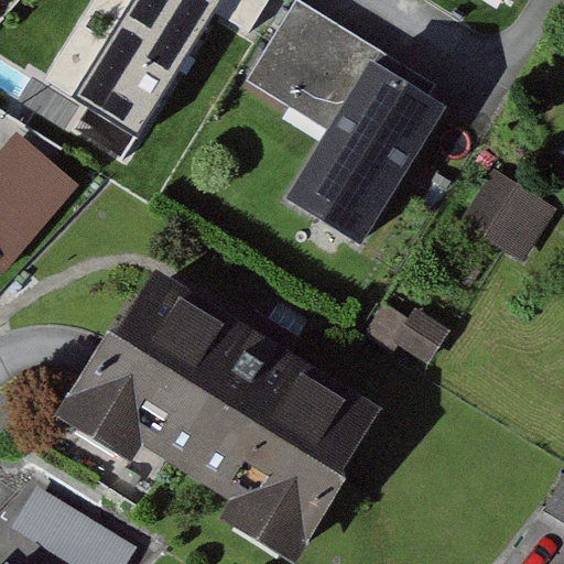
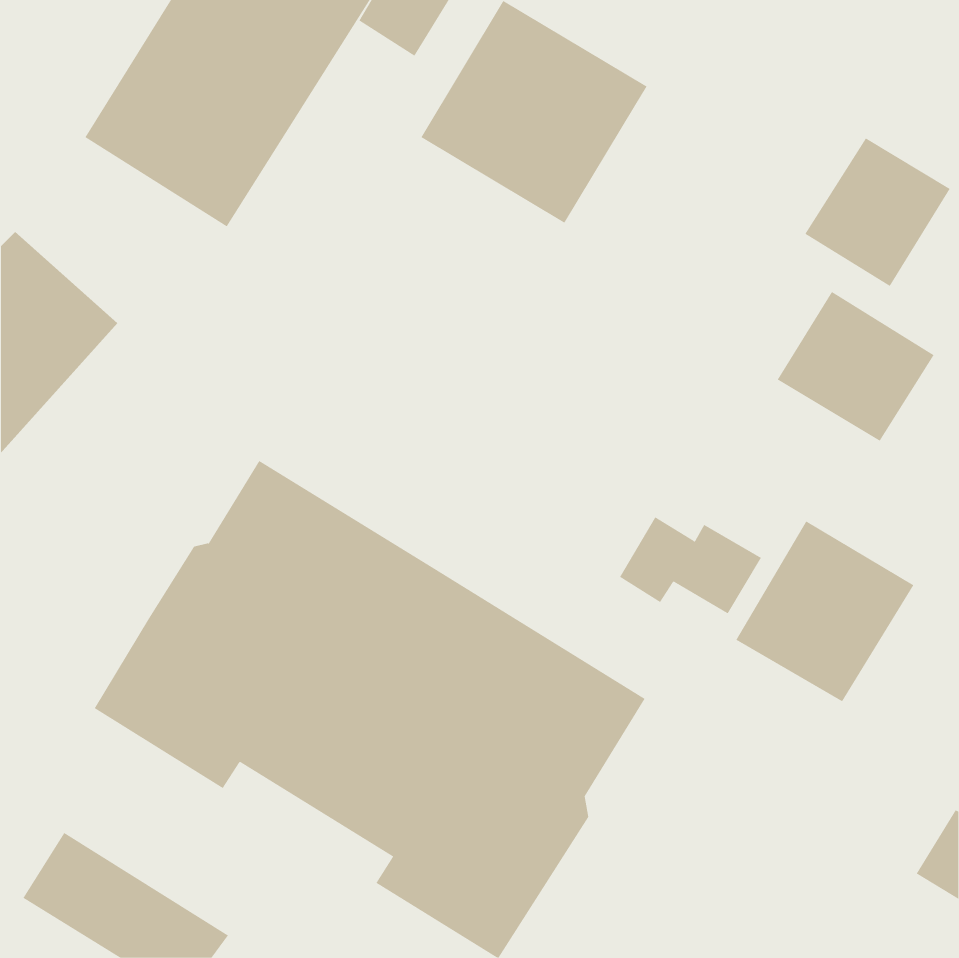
building: [288,62,445,247] -> none
building: none -> [805,137,950,287]
building: none -> [735,521,914,702]

